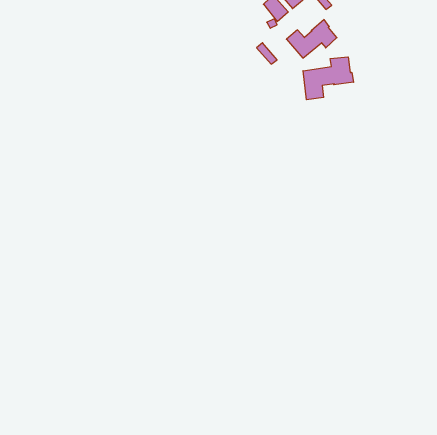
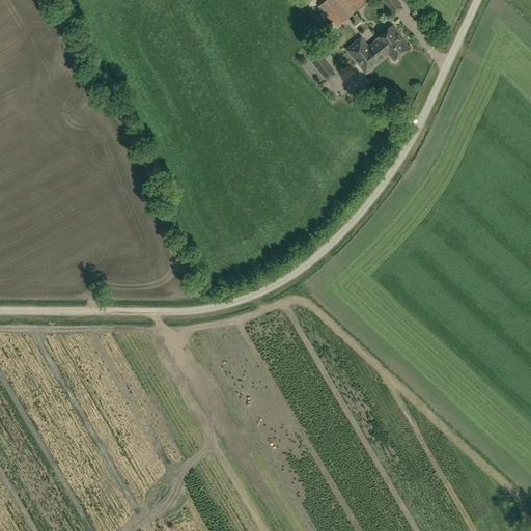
building: [303,57,354,100] -> none

